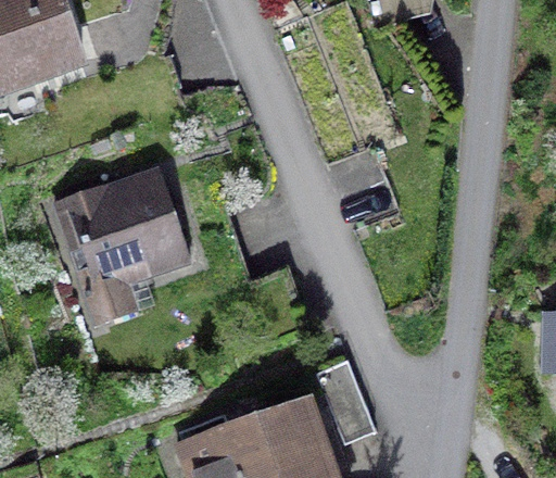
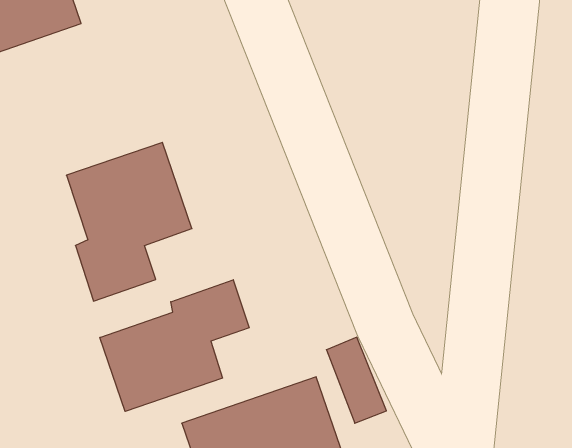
building: none -> [100,280,249,411]

